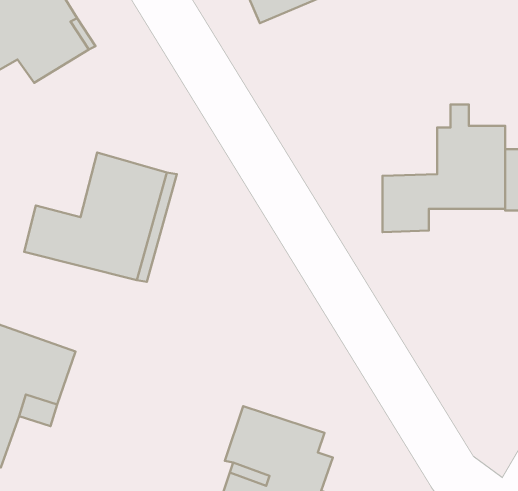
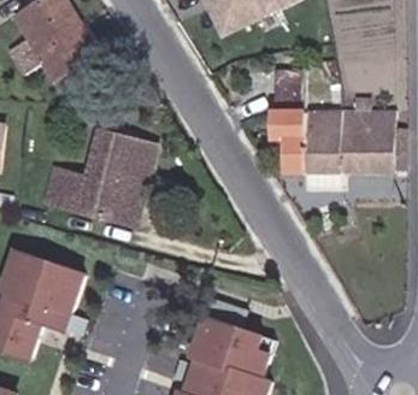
building: none -> [275,70,346,175]

